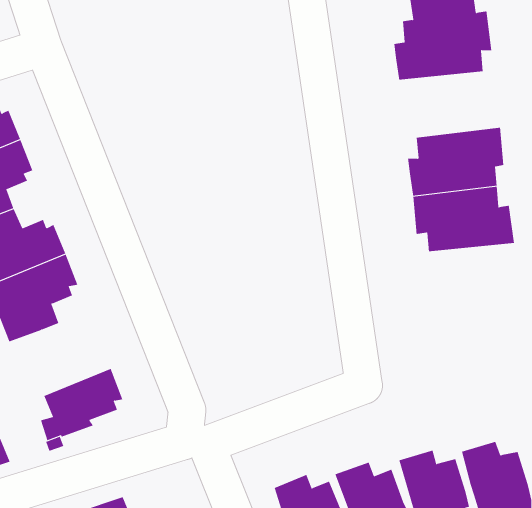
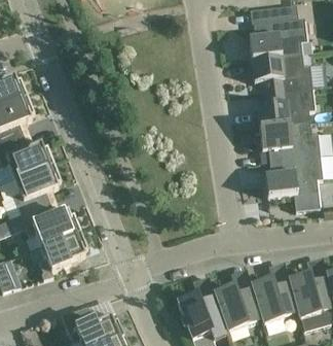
building: none -> [252,54,312,93]
building: none -> [265,155,323,210]
building: none -> [21,203,81,246]

